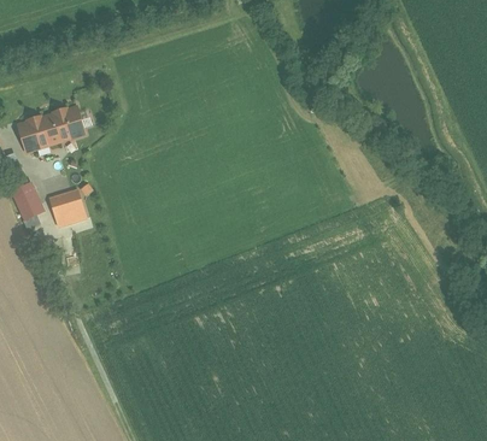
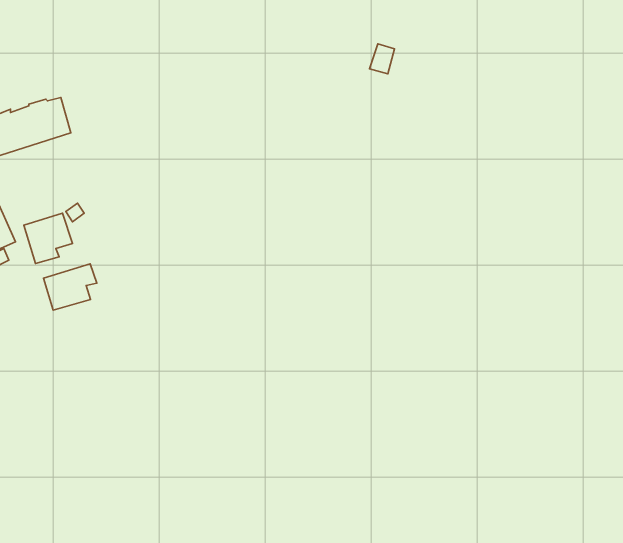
building: none -> [43,264,97,310]

